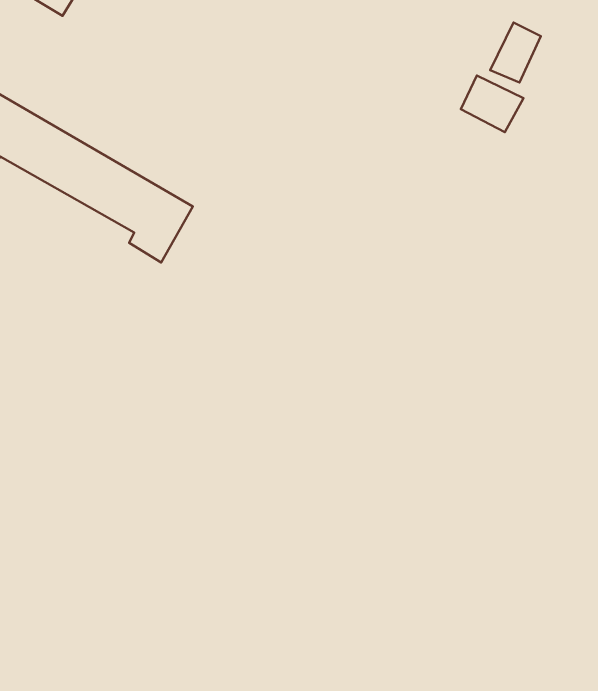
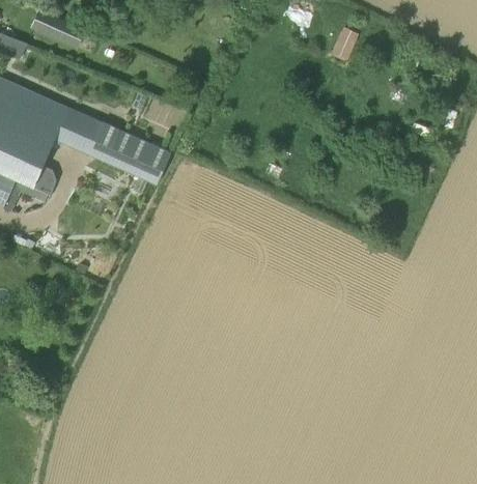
building: [461,75,523,132] -> none

